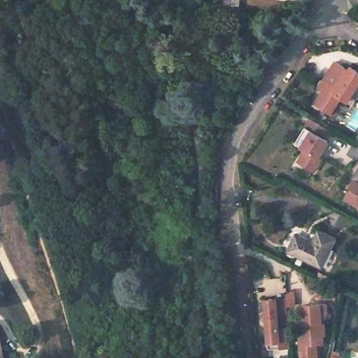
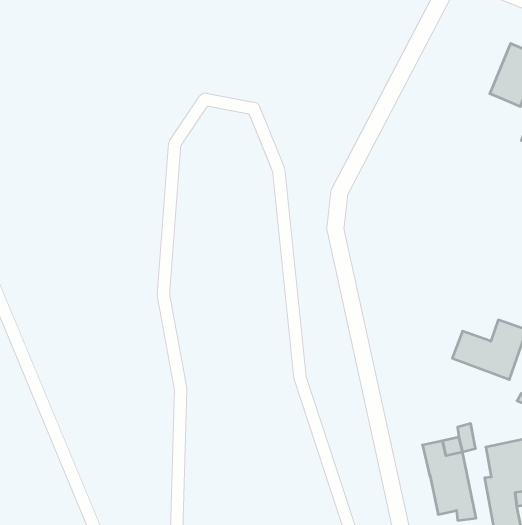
building: [310,59,346,120] -> none
building: [293,132,325,175] -> none

